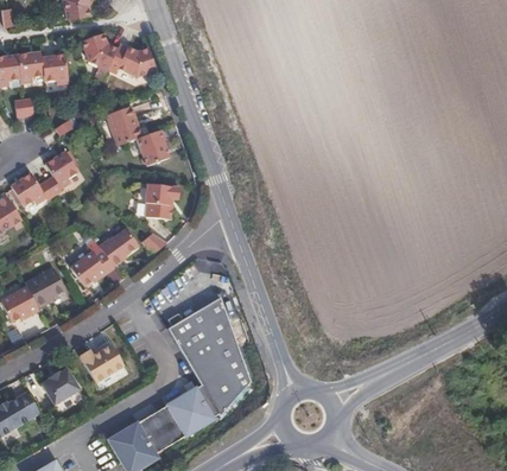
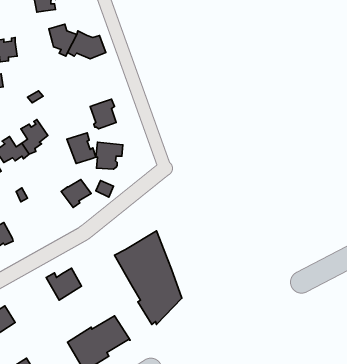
building: [40,52,70,84] -> none
building: [104,104,141,144] -> [67,133,96,164]
building: [70,246,115,286] -> none
building: [26,270,64,305] -> none
building: [42,369,80,405] -> none
building: [165,384,216,434] -> none

